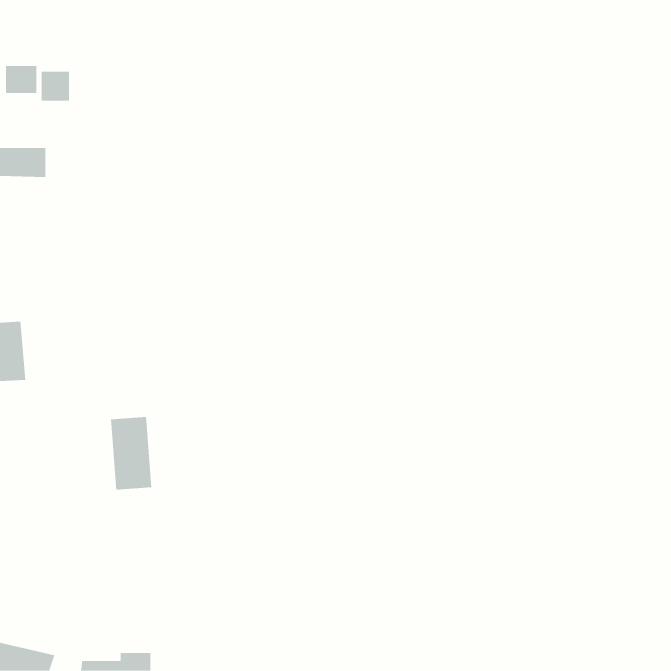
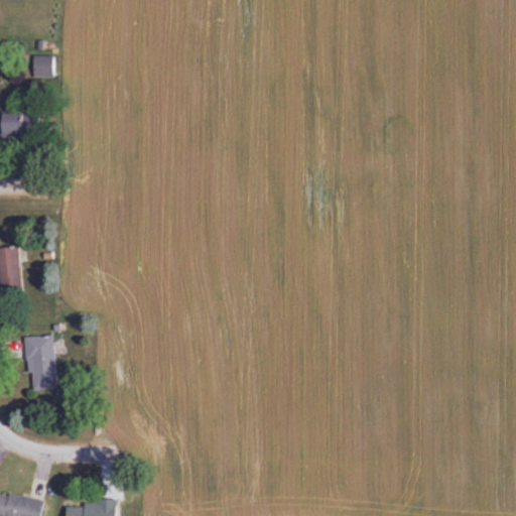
building: [5,65,37,94] -> none
building: [110,416,152,490] -> [23,335,55,391]

